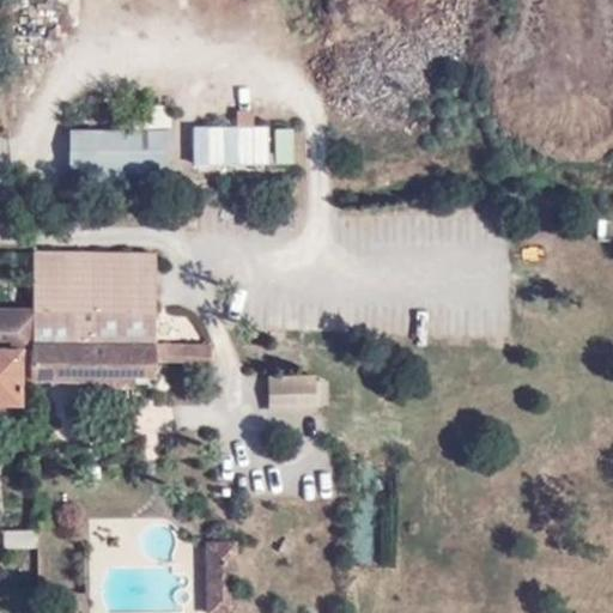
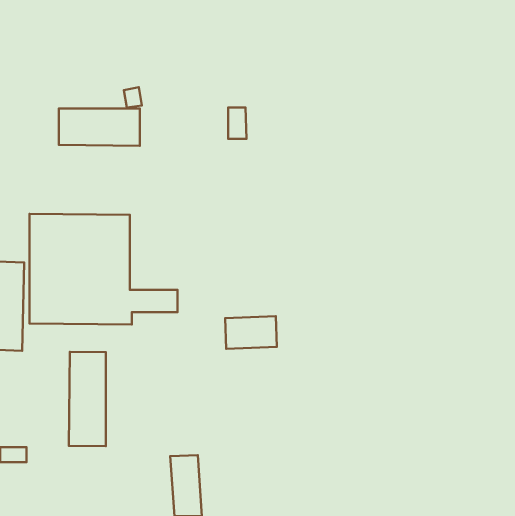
building: [192,126,267,164] -> none
building: none -> [69,352,106,446]

